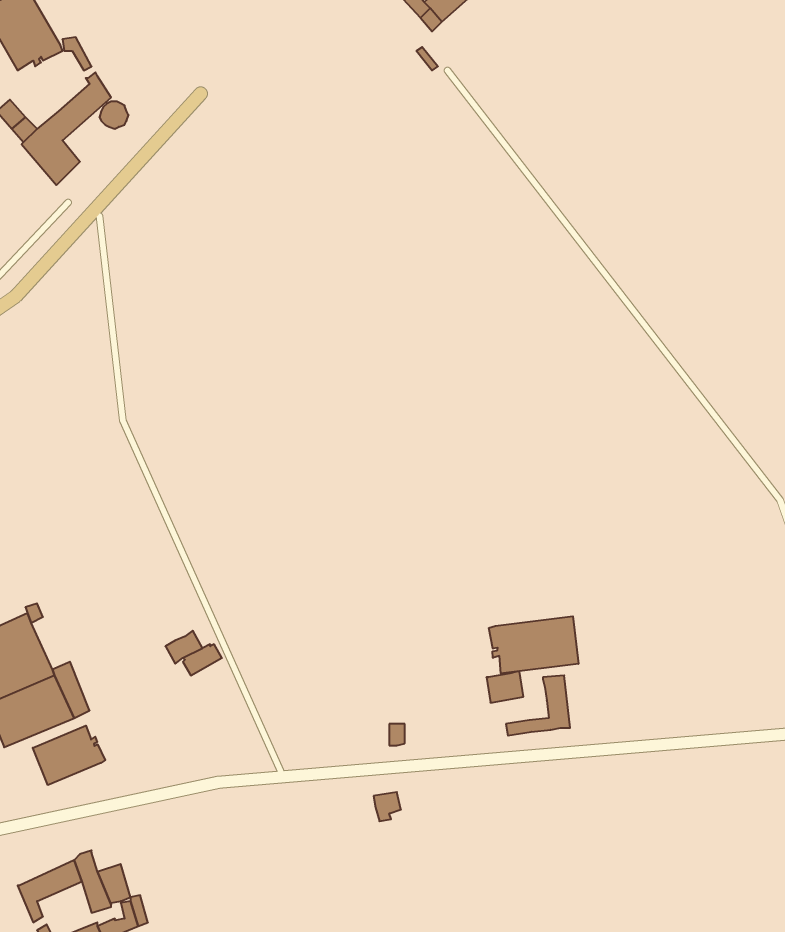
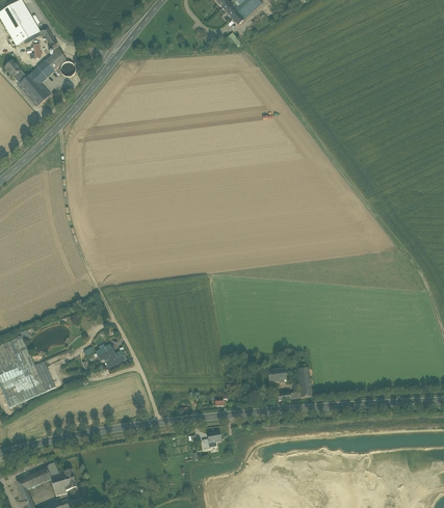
building: [489,616,578,674] -> none
building: [33,726,105,785] -> none

